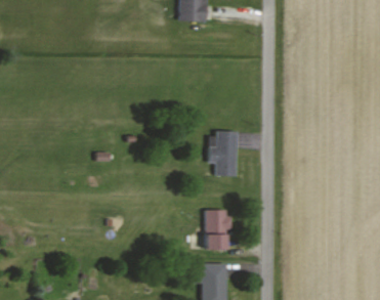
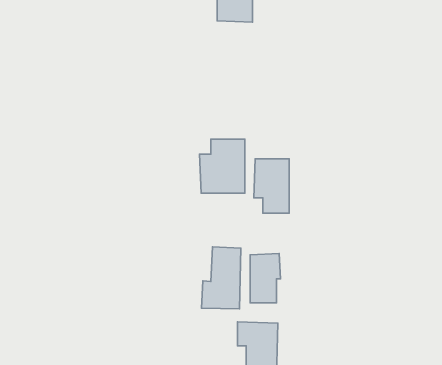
building: none -> [199,139,245,193]
building: none -> [202,247,241,309]

